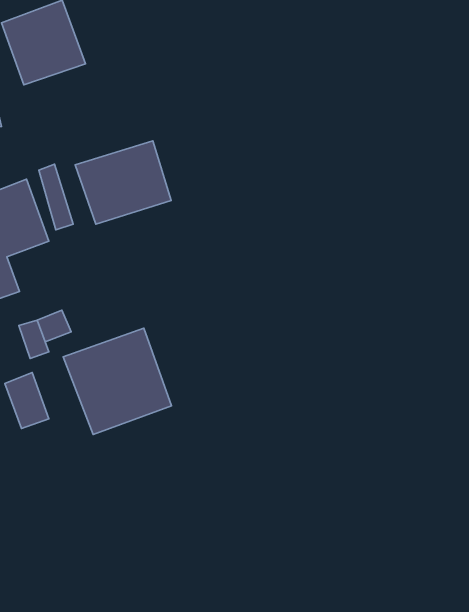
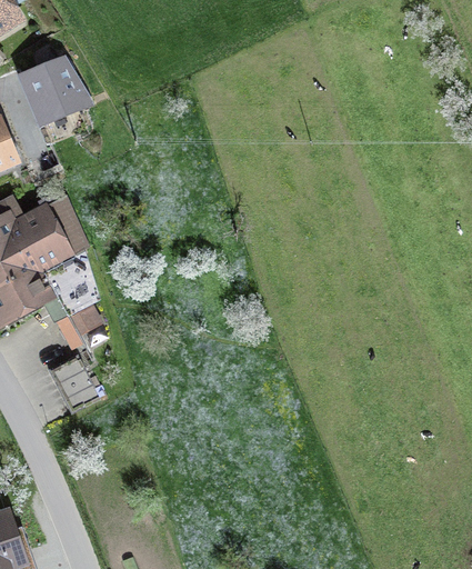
building: [75,141,171,224] -> none
building: [63,328,171,435] -> none

